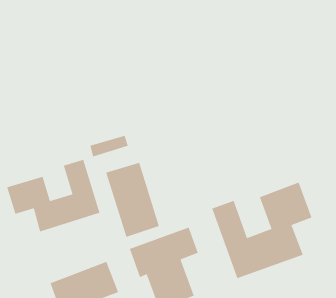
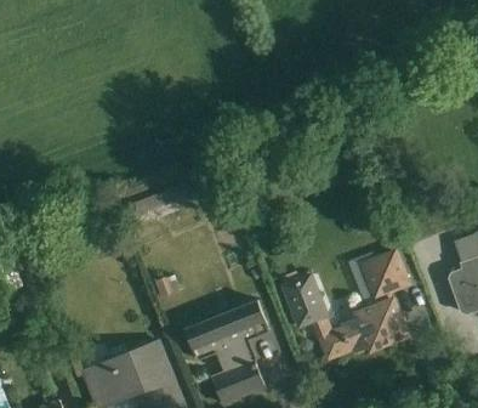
building: [6,159,100,232] -> none
building: [105,162,160,238] -> none

